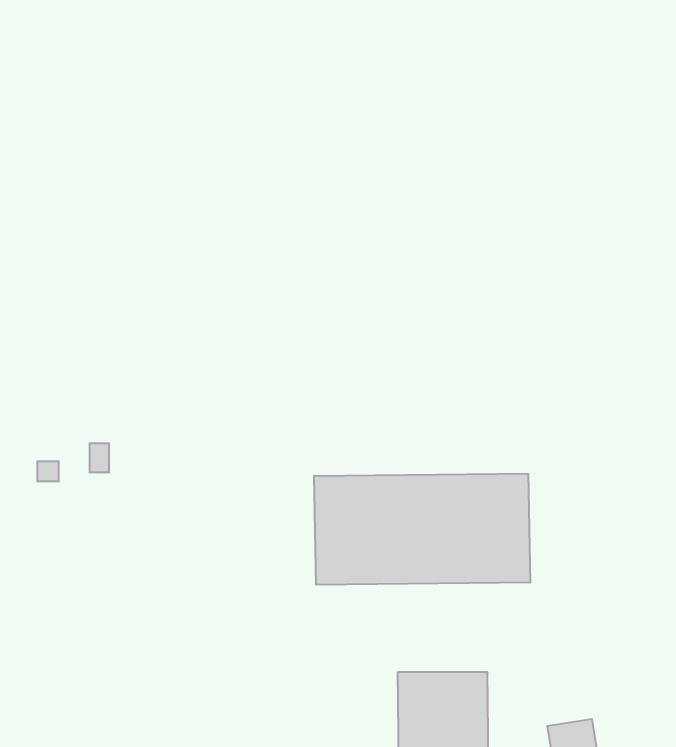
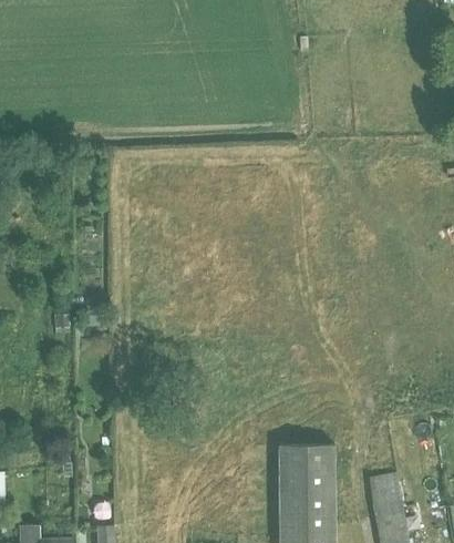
building: [314,474,530,585] -> none

